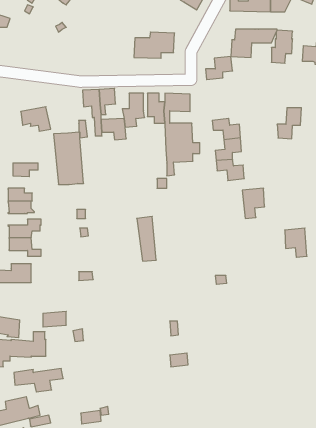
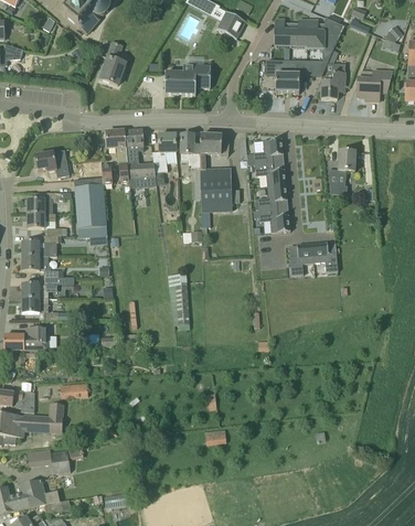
building: none -> [98,40,127,86]
building: [206,56,233,80] -> [253,138,284,164]
building: none -> [26,192,61,213]
building: [285,228,307,257] -> [312,239,338,272]

